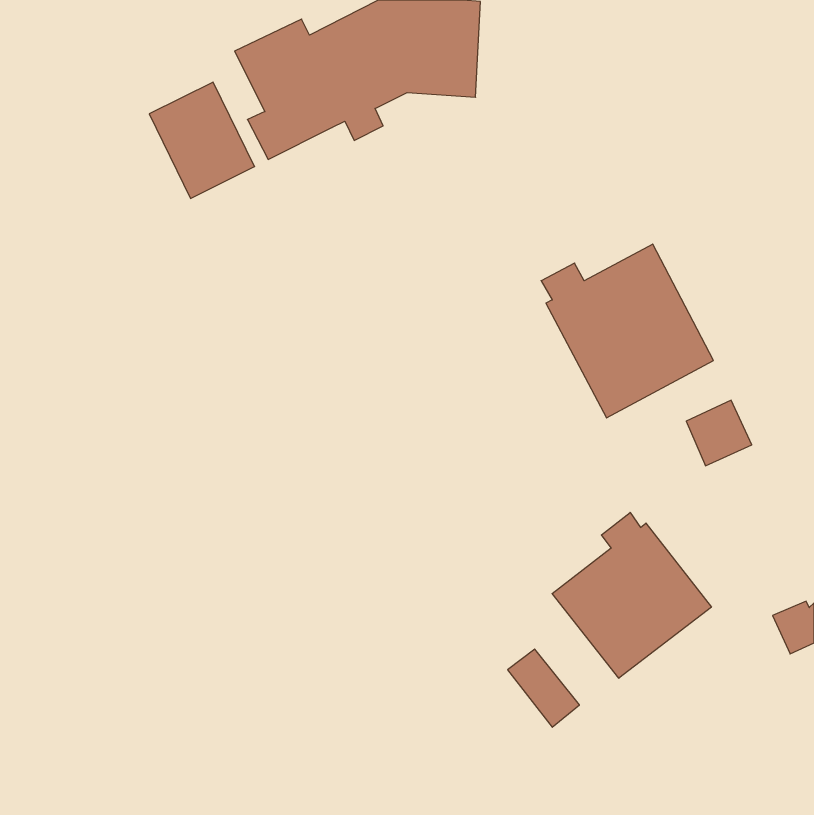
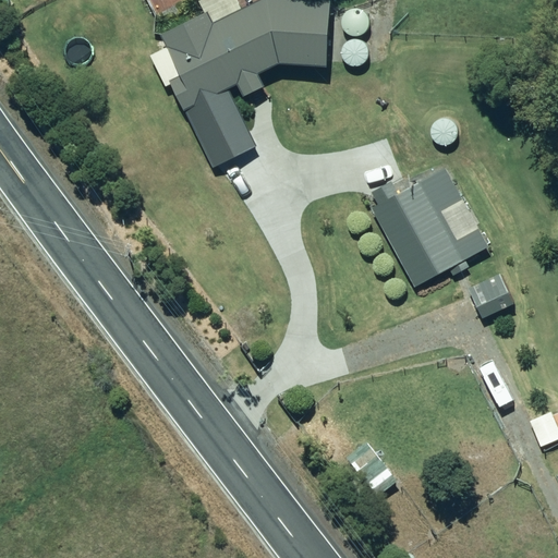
building: [149,82,255,198] -> [183,87,255,167]
building: [552,512,711,678] -> none

